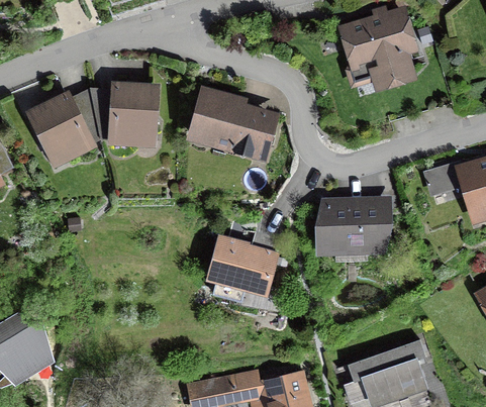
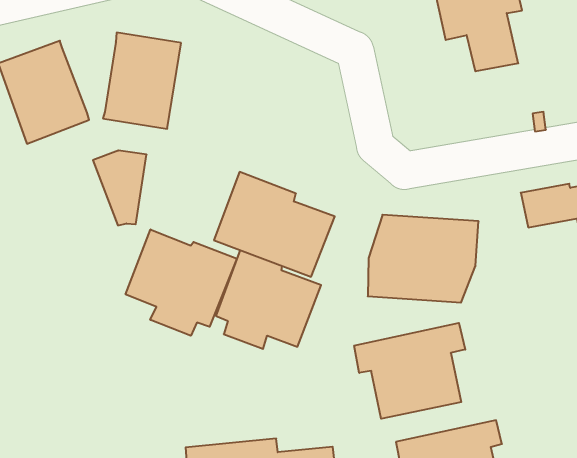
building: [72,87,111,142] -> [93,151,147,225]
building: [190,87,278,160] -> [214,172,335,277]
building: none -> [126,229,237,336]
building: none -> [354,323,465,419]

